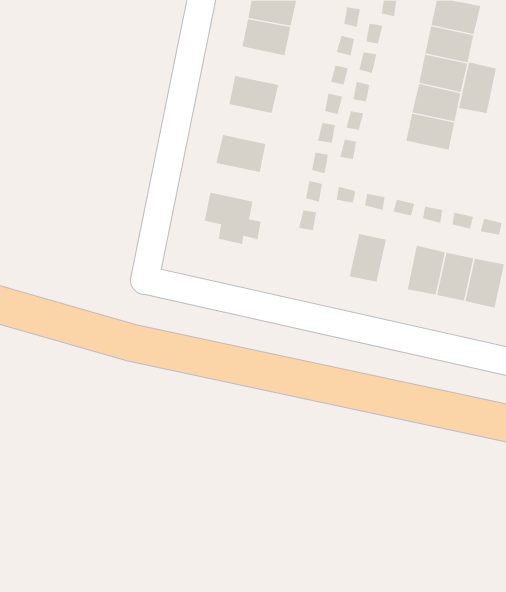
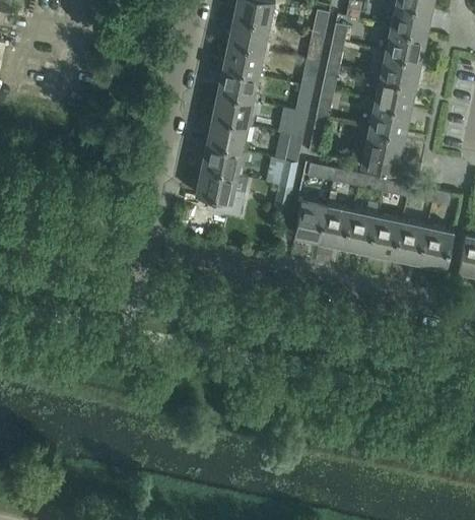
building: none -> [220,46,264,78]
building: [458,62,497,114] -> none
building: none -> [210,95,253,129]
building: none -> [358,127,405,176]
building: none -> [199,146,243,179]
building: none -> [292,200,327,244]
building: none -> [343,211,377,255]

